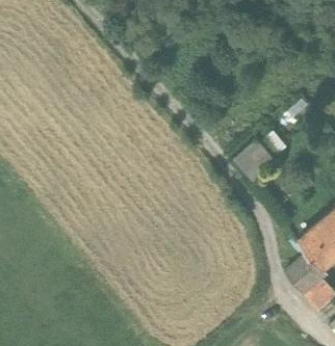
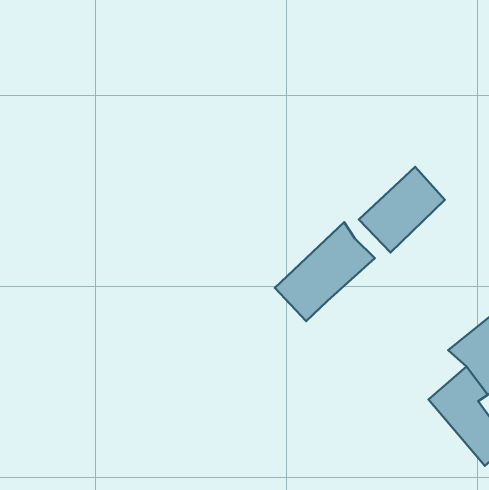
building: none -> [275,222,375,321]

